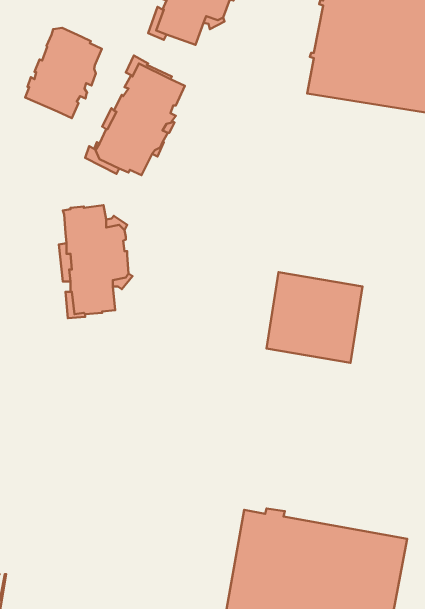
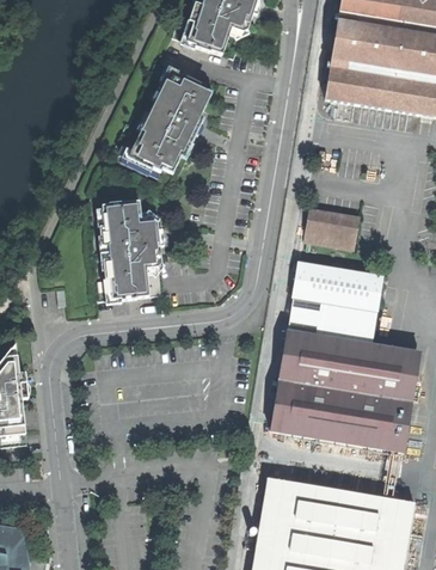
building: [25,28,102,118] -> none
building: none -> [305,208,358,247]
building: none -> [271,330,418,451]

